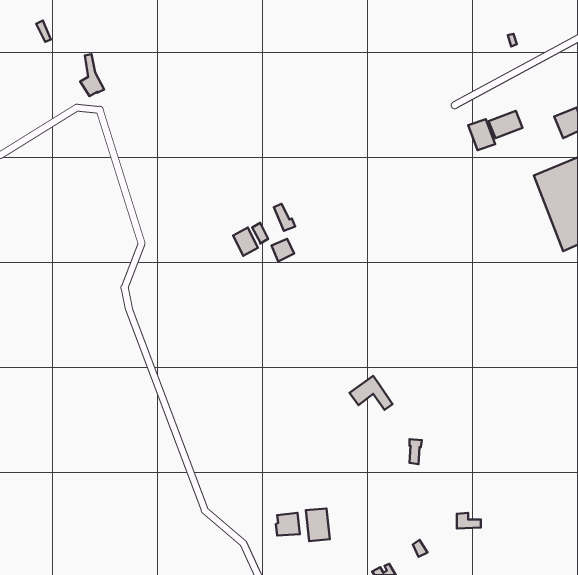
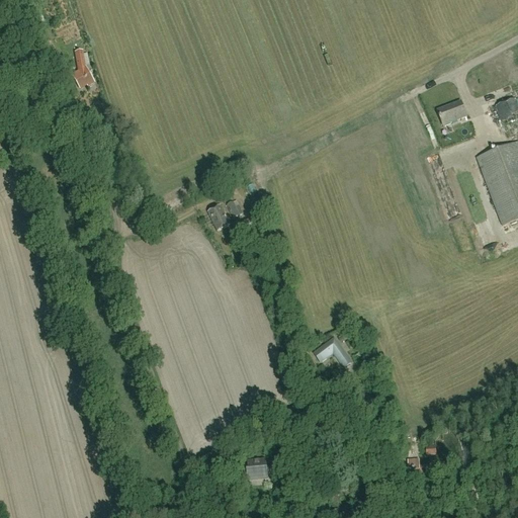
building: [468,119,495,150] -> none
building: [306,508,330,541] -> none

